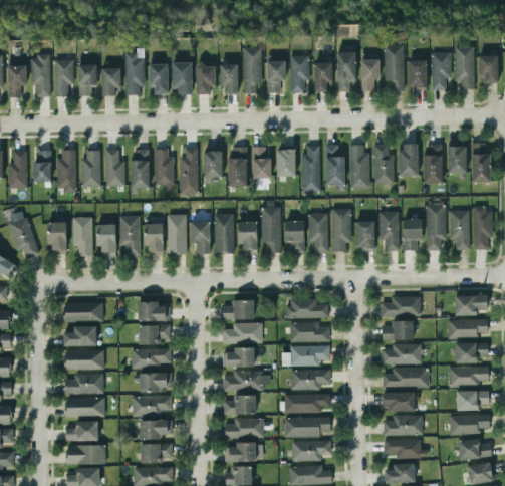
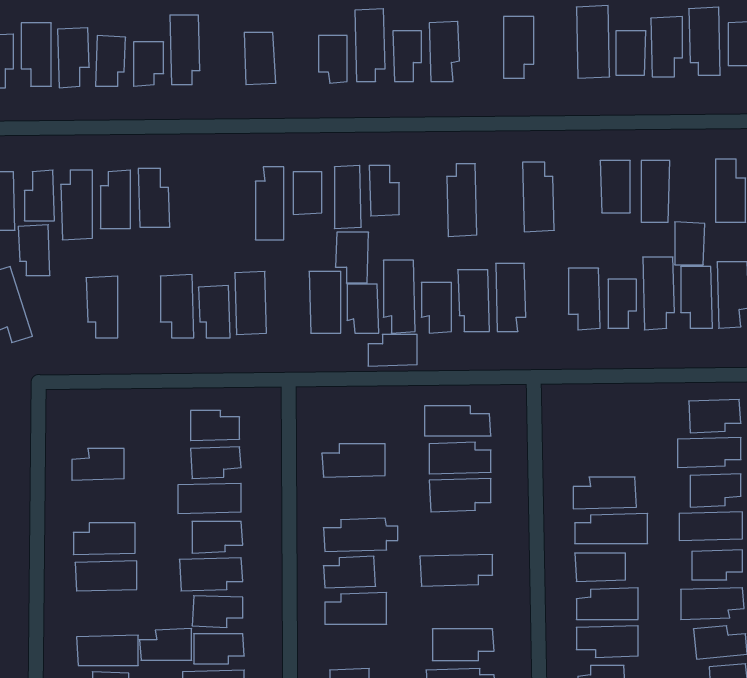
building: [361,60,380,91] -> none
building: [314,63,332,92] -> none
building: [151,64,169,95] -> none
building: [196,64,215,94] -> none
building: [325,145,345,186] -> none
building: [373,145,394,184] -> none
building: [448,146,467,173] -> [675,222,705,265]
building: [131,149,150,188] -> none
building: [155,149,174,186] -> none
building: [276,149,296,177] -> none
building: [355,221,375,249] -> none
building: [47,222,67,254] -> [18,225,50,275]
building: [190,222,211,254] -> [335,232,369,283]
building: [96,224,116,257] -> none
building: [382,296,421,317] -> none
building: [223,300,254,320] -> [368,334,417,366]
building: [64,302,103,322] -> none
building: [383,321,414,341] -> none
building: [223,347,255,368] -> none
building: [65,350,103,370] -> none
building: [291,370,330,390] -> none
building: [285,417,330,438] -> none
building: [65,421,98,441] -> [139,629,192,660]
building: [224,442,256,462] -> none

